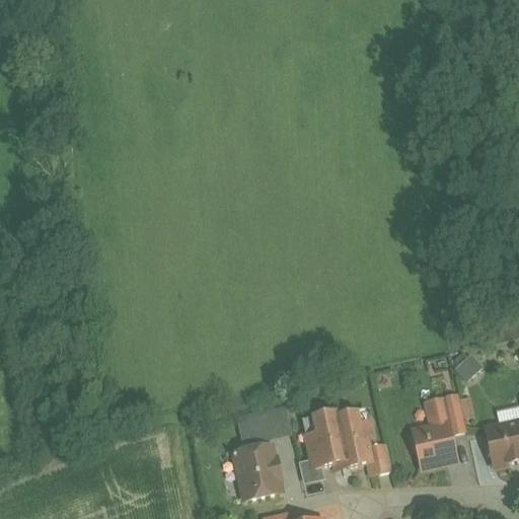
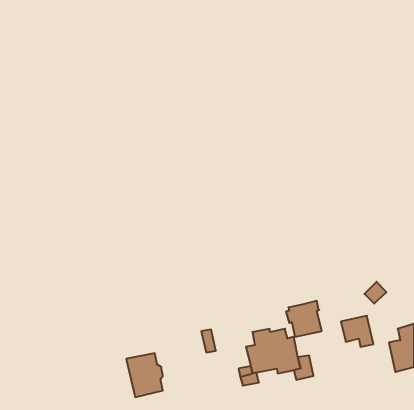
building: [264,406,292,438] -> none
building: [410,423,454,467] -> [286,301,322,337]
building: [234,444,280,499] -> [126,353,163,397]

